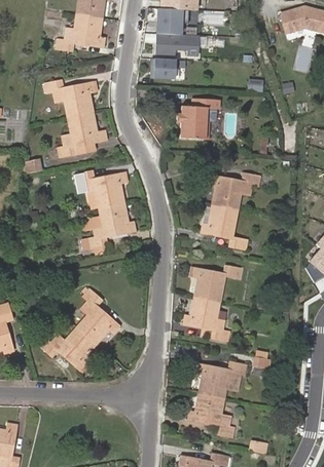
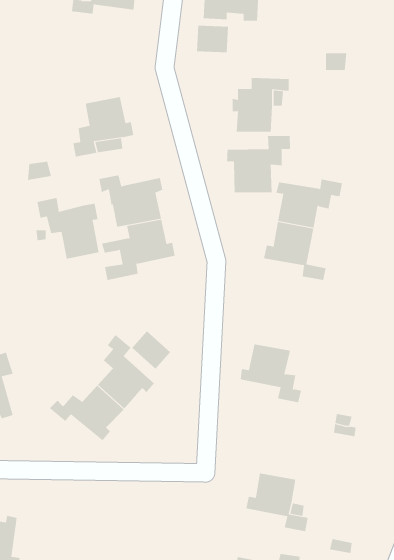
building: [45,80,95,117] -> none
building: none -> [226,135,290,193]
building: none -> [37,197,99,260]
building: [191,266,242,302] -> none
building: none -> [132,330,171,369]
building: [196,362,247,398] -> none

